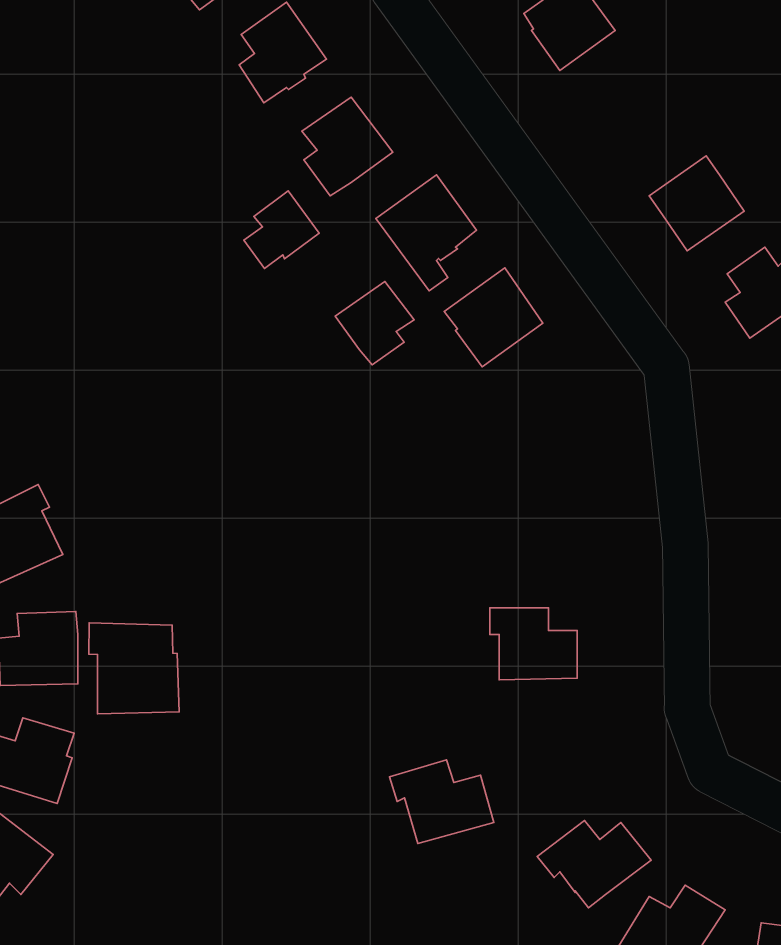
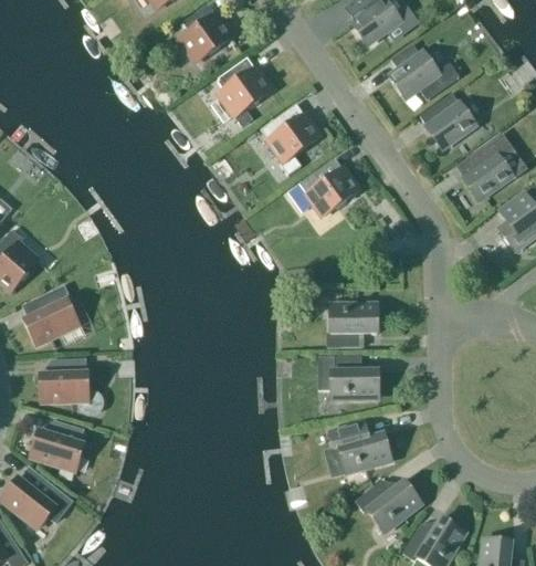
building: none -> [391,44,460,101]
building: [244,191,319,268] -> none
building: [335,282,414,365] -> none
building: none -> [327,305,377,347]
building: [89,623,179,714] -> none
building: [389,760,494,843] -> [330,423,391,472]

